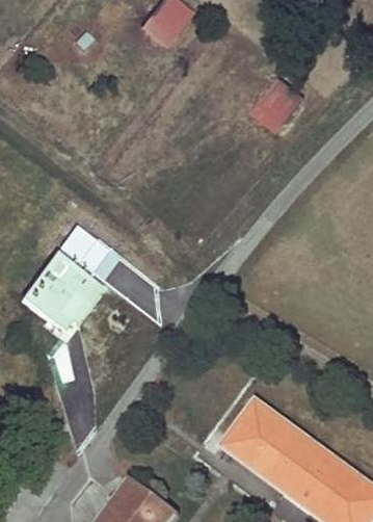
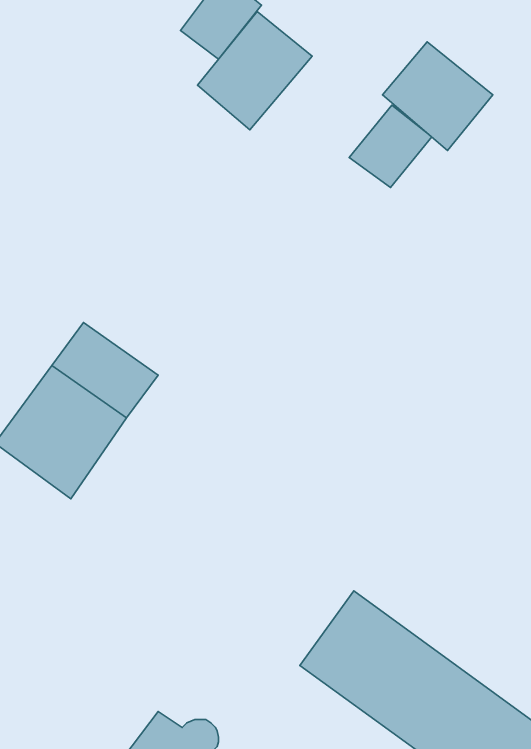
building: none -> [197,12,312,130]
building: none -> [382,42,493,150]

